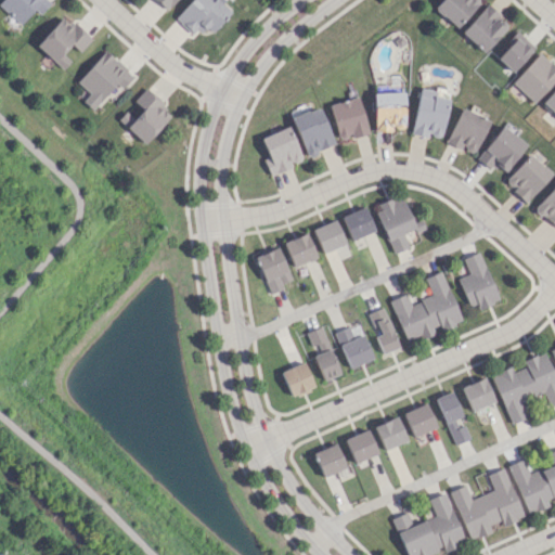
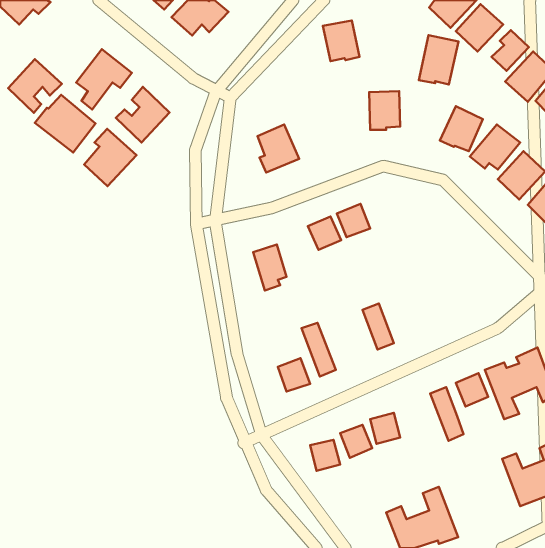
building: [39,15,93,69] -> [8,59,62,113]
building: [413,88,453,138] -> [419,35,459,84]
building: none -> [35,95,96,153]
building: [333,98,370,139] -> [323,20,359,61]
building: [294,106,337,156] -> none
building: none -> [84,129,136,186]
building: [376,194,426,254] -> none
building: [286,233,320,267] -> none
building: [460,251,501,309] -> none
building: [392,271,463,340] -> none
building: [337,323,375,369] -> none
building: [405,403,438,437] -> none
building: [452,468,525,540] -> none

